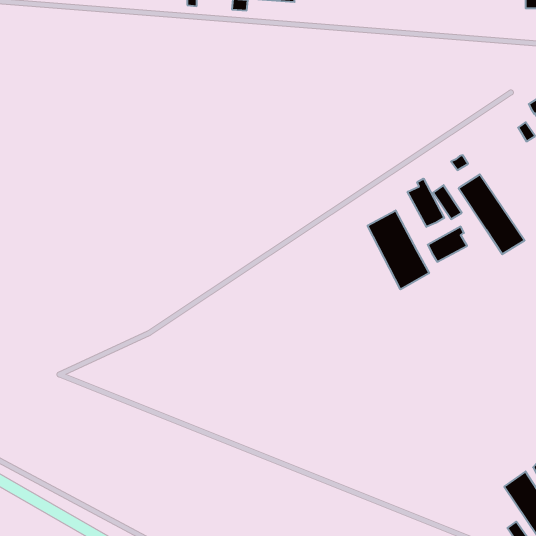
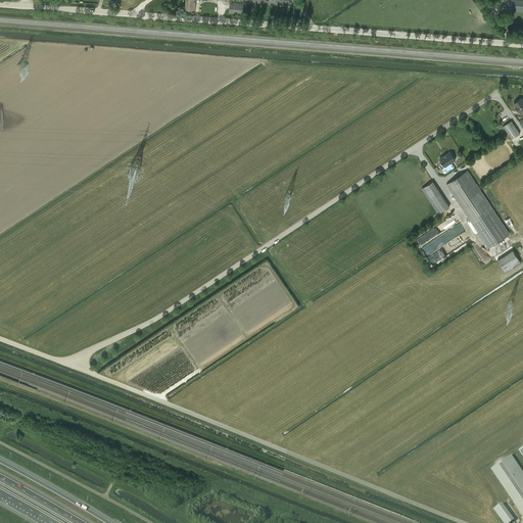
building: [408,179,444,227] -> none
building: [368,210,429,289] -> none

